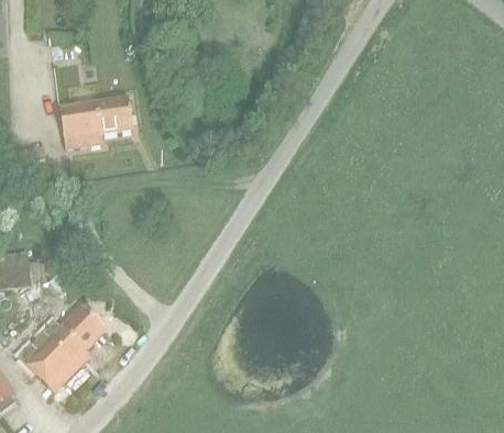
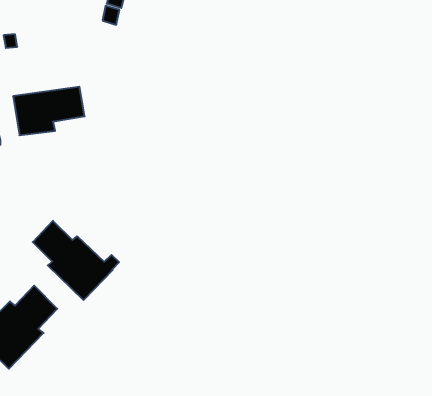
building: none -> [33,221,119,300]

